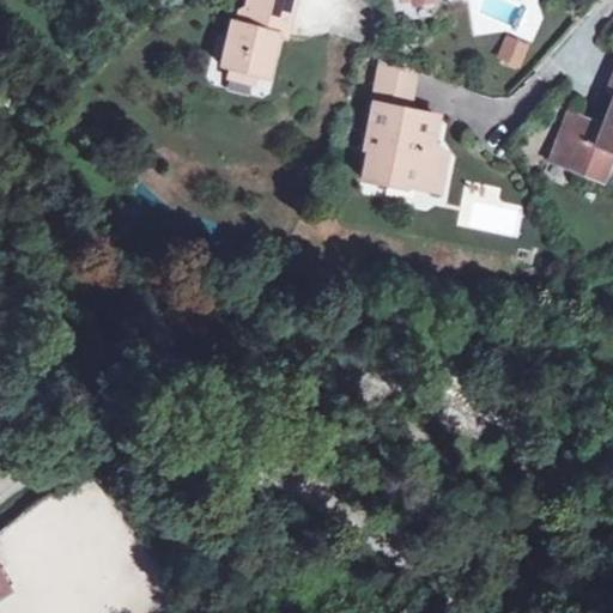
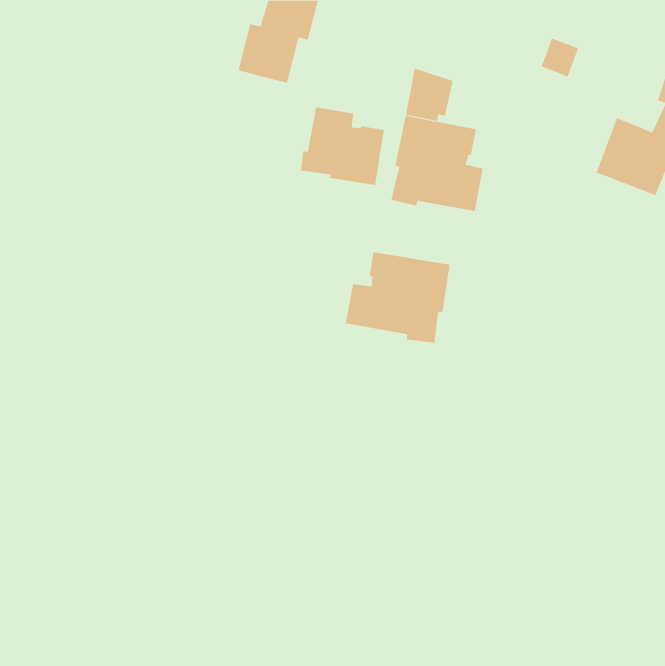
building: none -> [301,106,384,186]
building: none -> [345,251,450,344]

